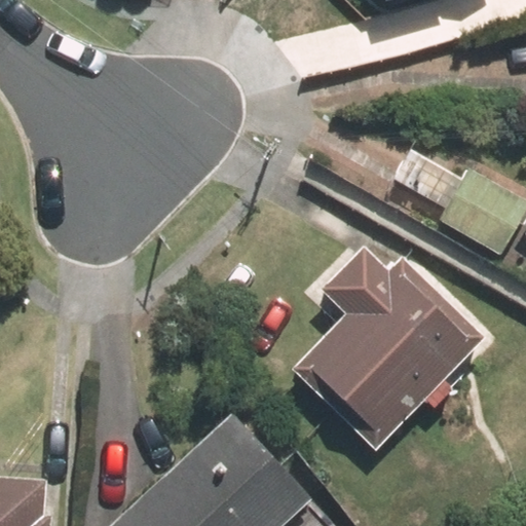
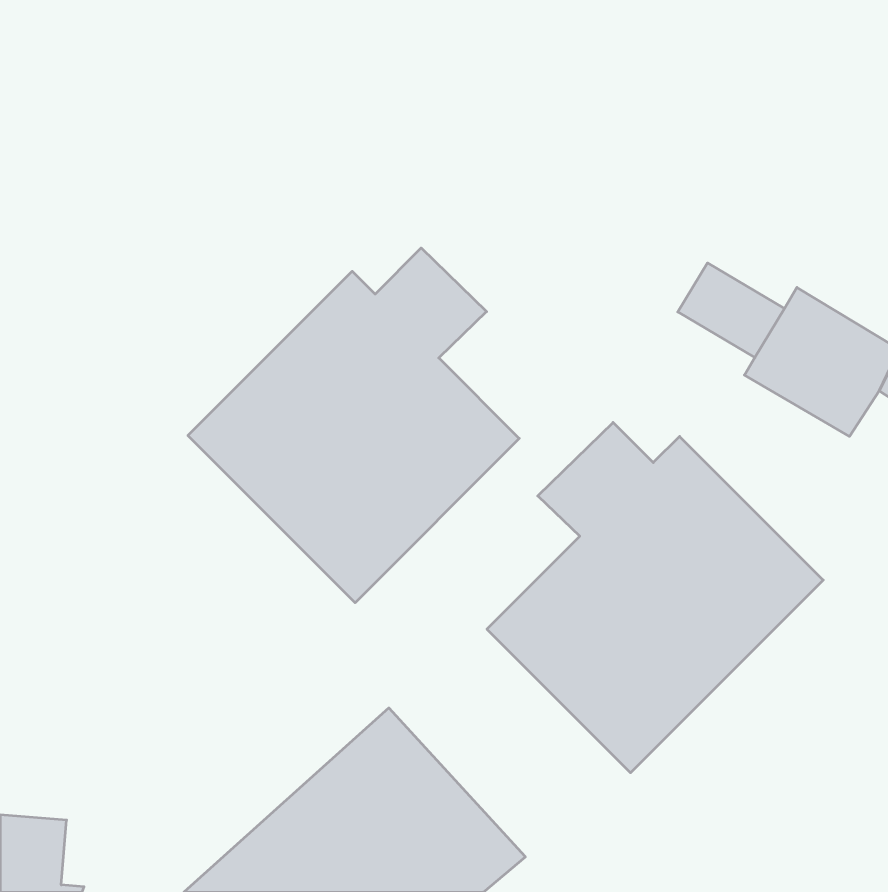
building: none -> [188,248,519,603]

